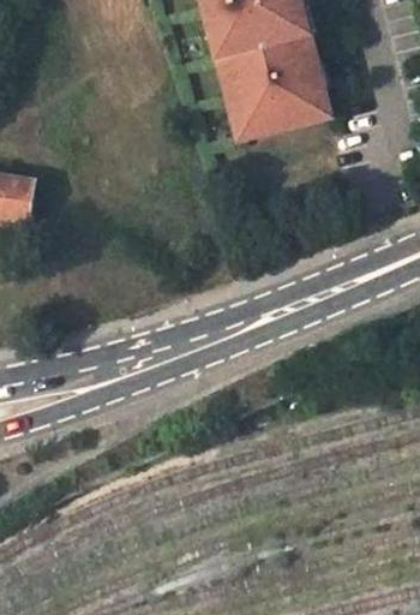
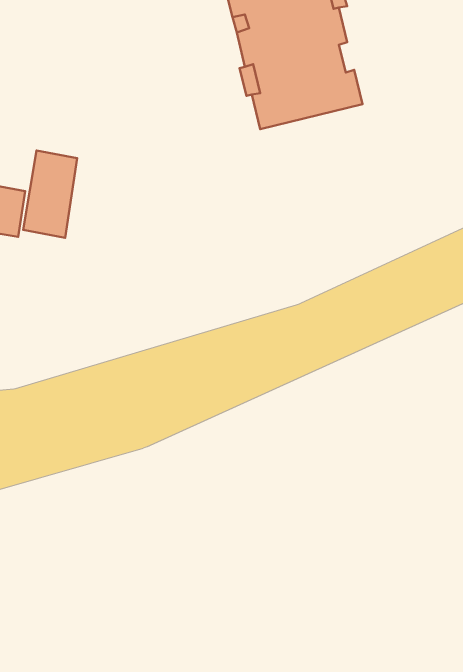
building: none -> [23,151,77,238]

